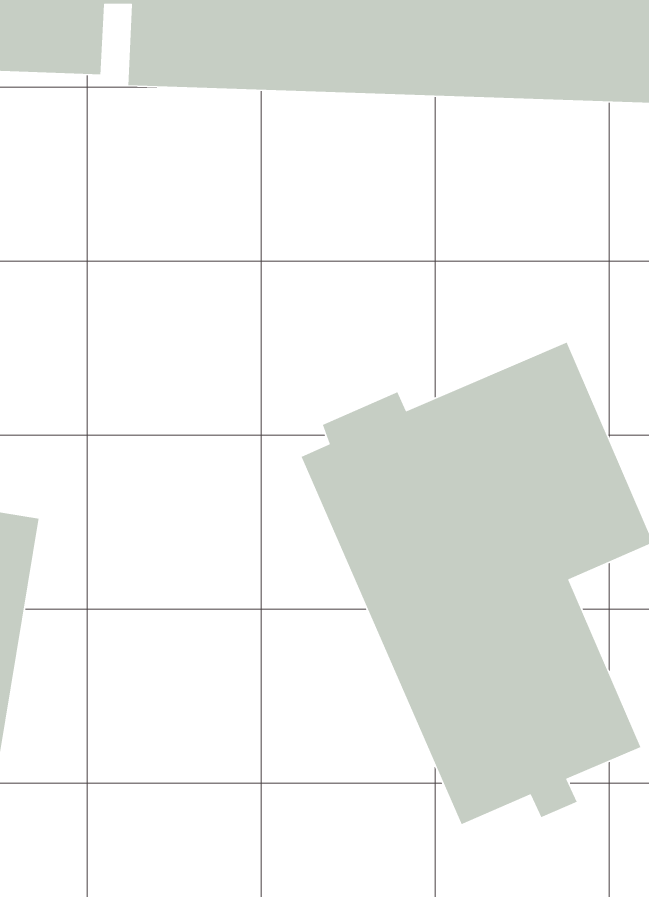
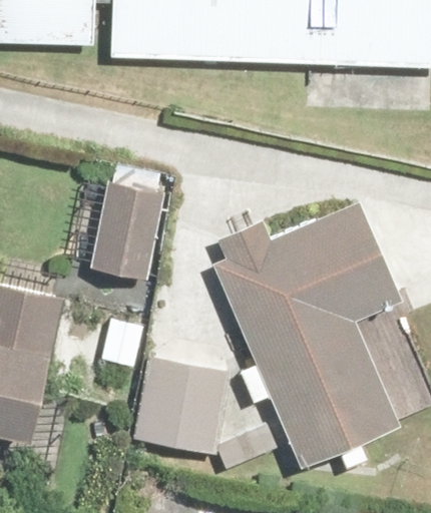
building: none -> [91,167,159,276]
building: none -> [139,364,274,469]

